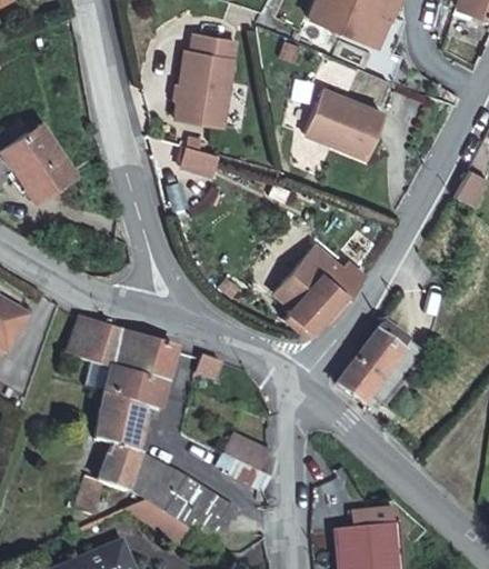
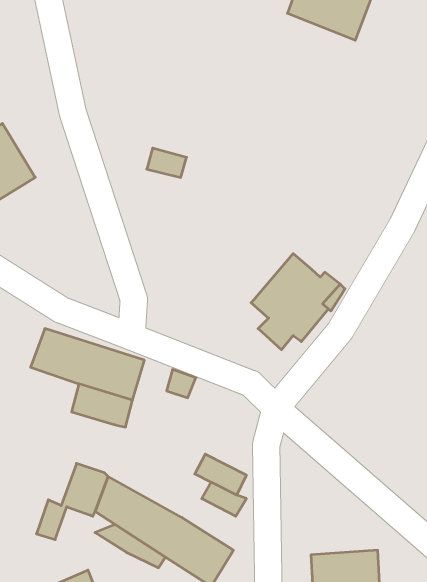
building: [177,33,237,124] -> none
building: [307,83,383,153] -> none
building: [337,332,402,402] -> none
building: [94,393,148,451] -> none

